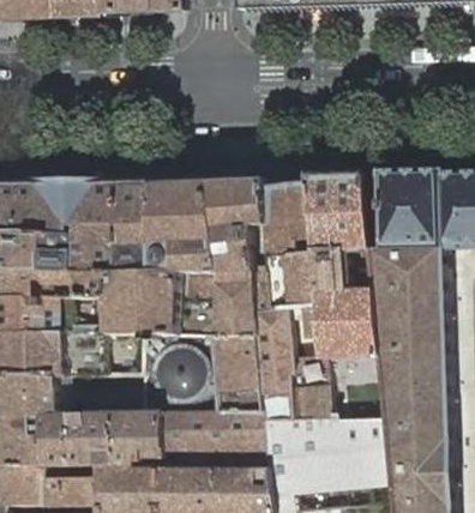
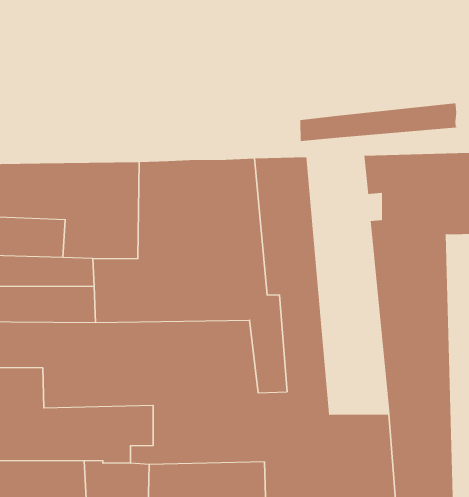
building: none -> [300,103,460,142]
building: [308,174,386,421] -> none

